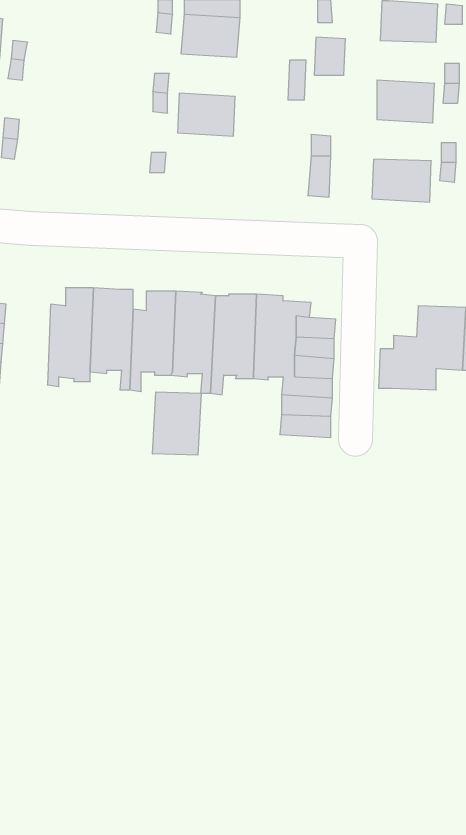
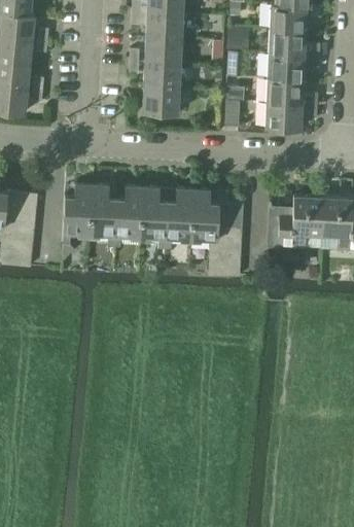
building: none -> [268,29,305,56]
building: none -> [144,37,180,64]
building: none -> [266,78,303,104]
building: none -> [141,86,178,114]
building: [153,392,201,455] -> none

